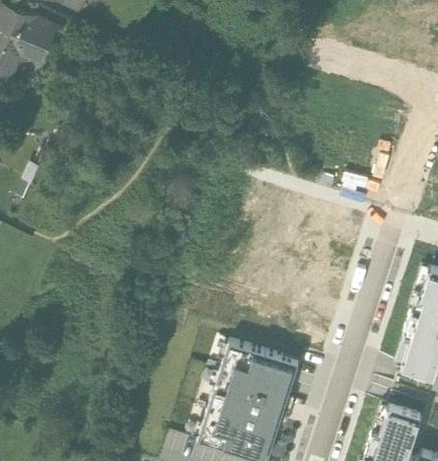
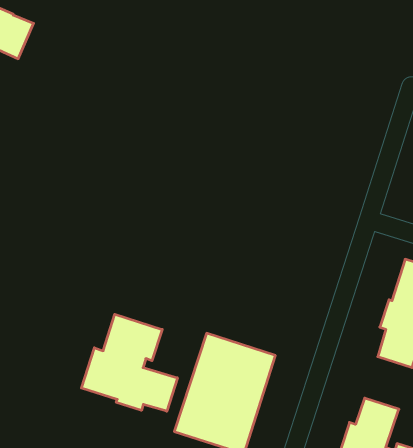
building: none -> [81,314,177,411]

